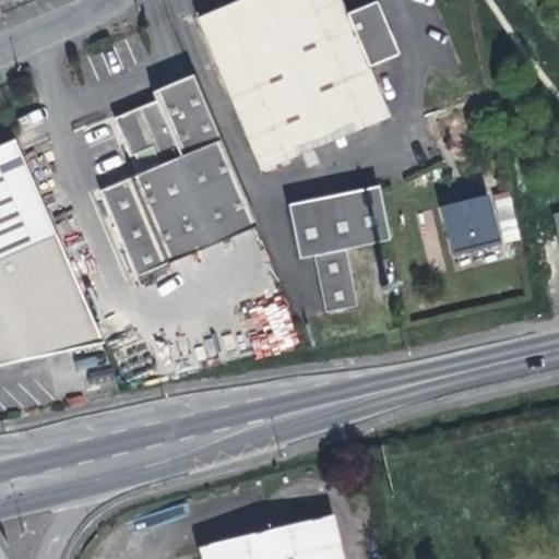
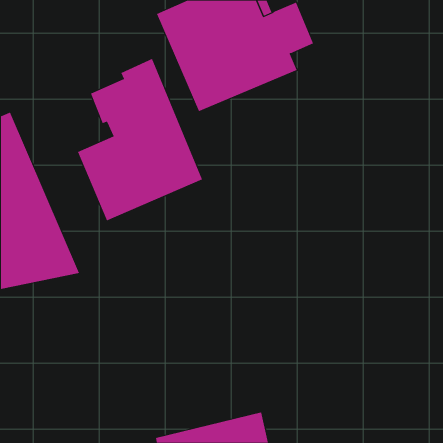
building: [250,88,386,170] -> none
building: [442,175,503,243] -> none
building: [283,179,390,309] -> none

